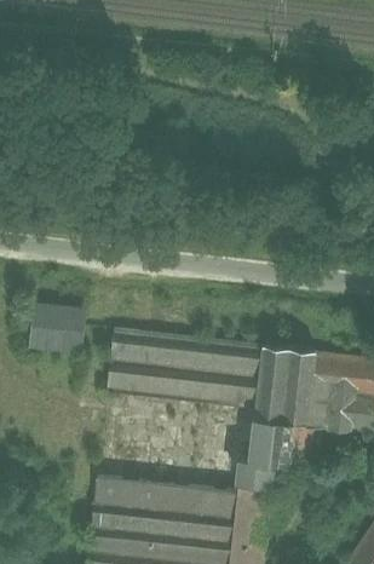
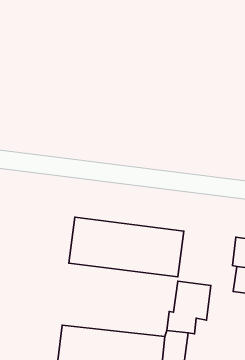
building: [25,299,85,353] -> none
building: [253,345,317,422] -> none

